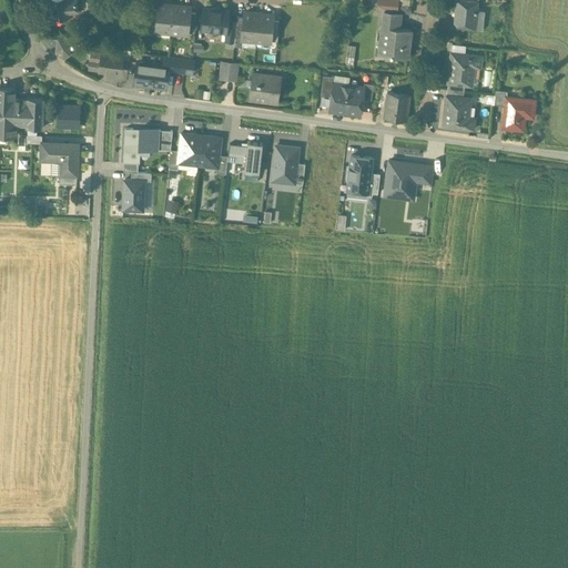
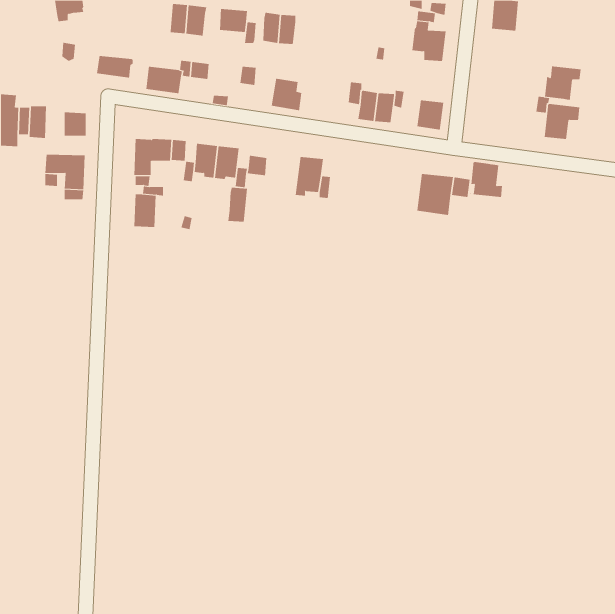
building: [447,53,481,85] -> [544,65,581,100]
building: [443,95,474,129] -> [469,162,503,198]
building: [244,142,263,174] -> [228,187,248,222]
building: [346,154,374,192] -> none

